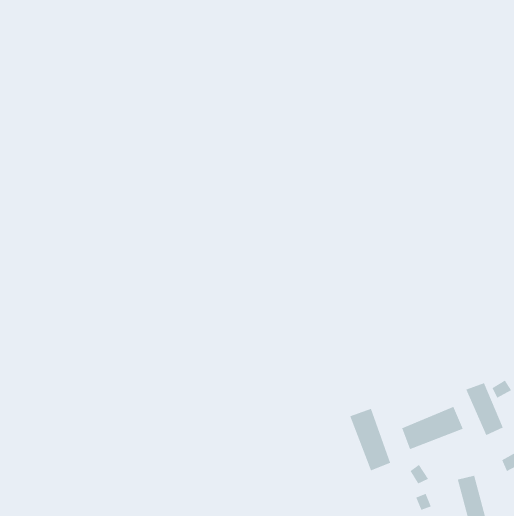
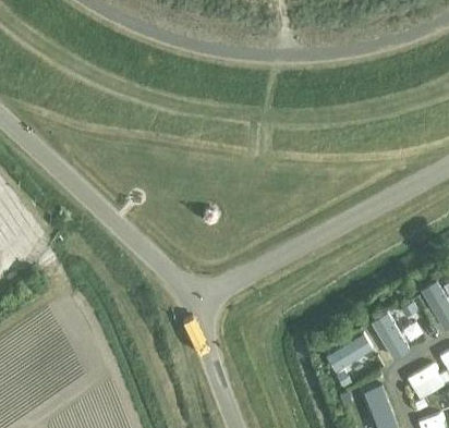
building: [349,408,391,471] -> none

